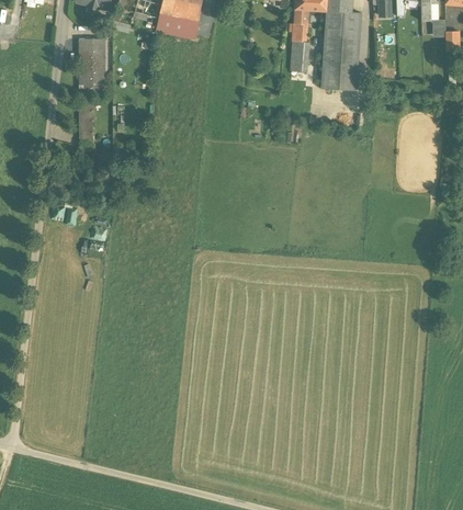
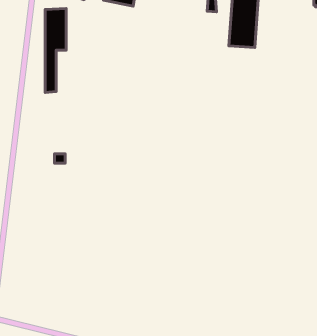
building: [291,41,308,71] -> none

